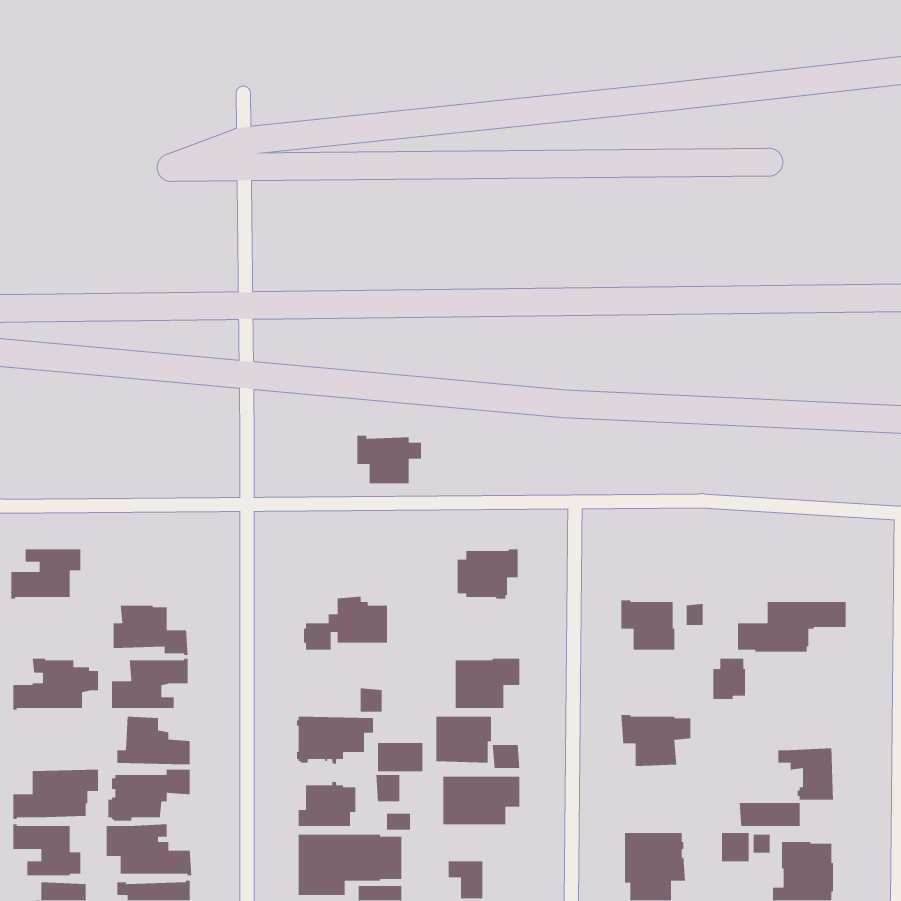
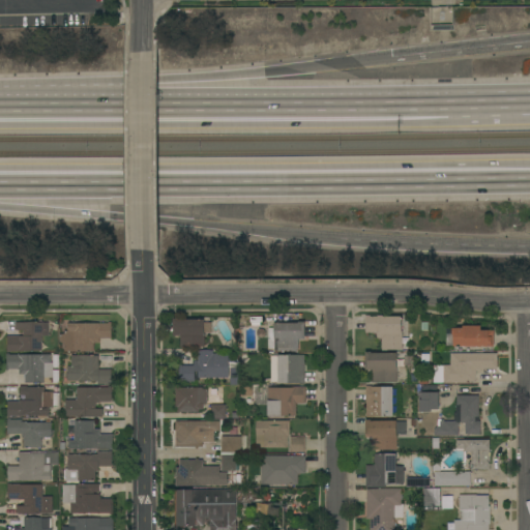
building: [357,435,422,484] -> [173,318,211,347]
building: none -> [364,315,402,350]
building: none -> [59,322,111,351]
building: none -> [445,325,494,347]
building: none -> [6,354,58,383]
building: none -> [270,355,304,384]
building: none -> [365,385,392,416]
building: none -> [175,387,206,412]
building: none -> [434,395,479,438]
building: none -> [7,419,52,448]
building: none -> [365,453,403,488]

